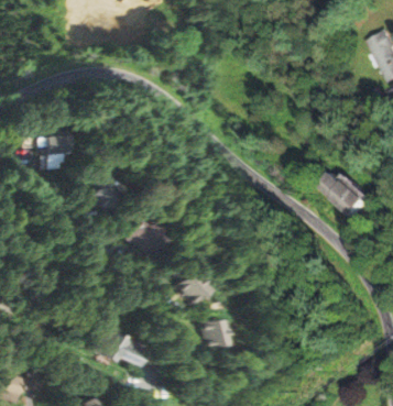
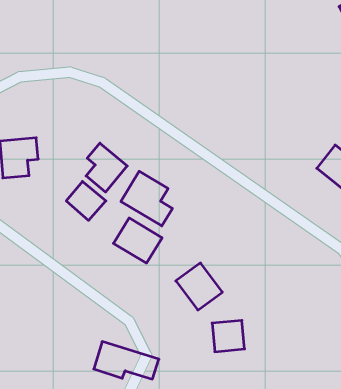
building: none -> [86,143,127,192]
building: none -> [121,171,172,226]

